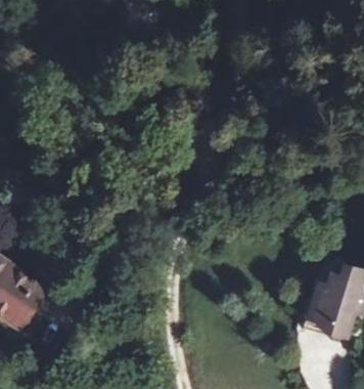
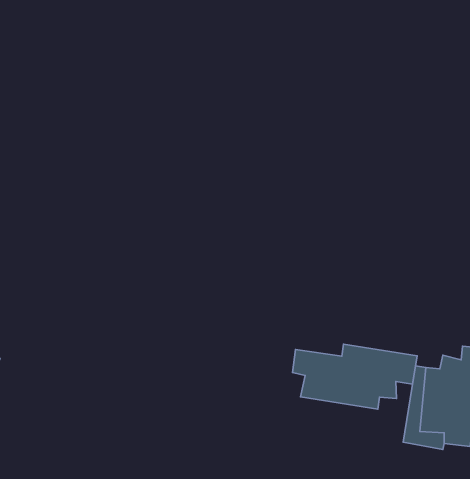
building: none -> [292,344,417,409]

